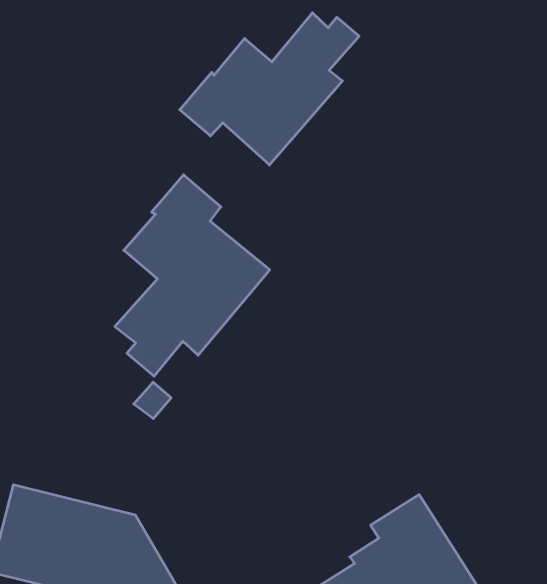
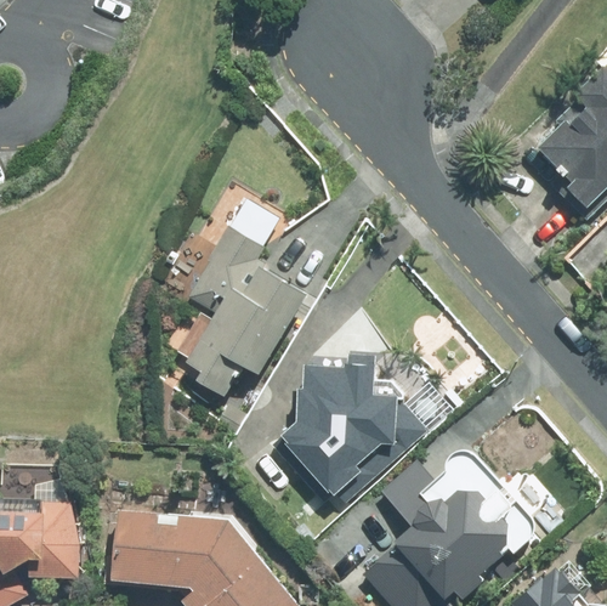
building: [180,13,359,165] -> none
building: none -> [268,362,424,503]

